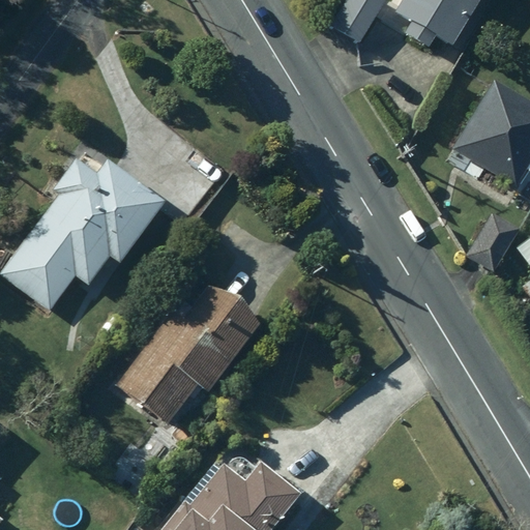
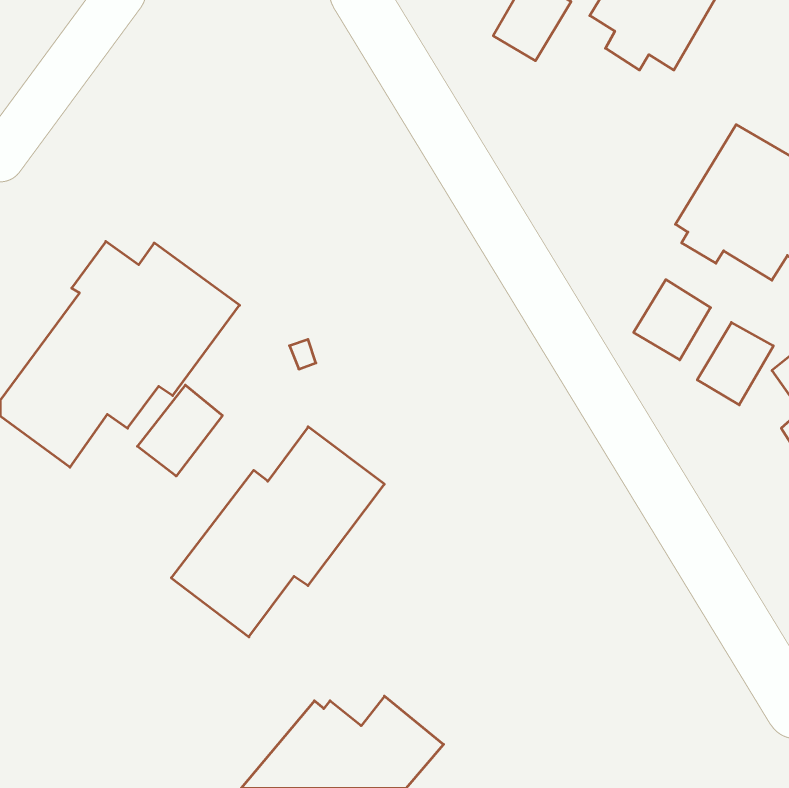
building: none -> [634,280,711,360]
building: none -> [137,385,222,476]

